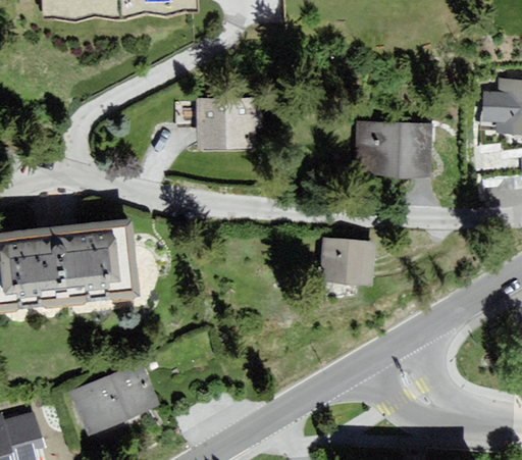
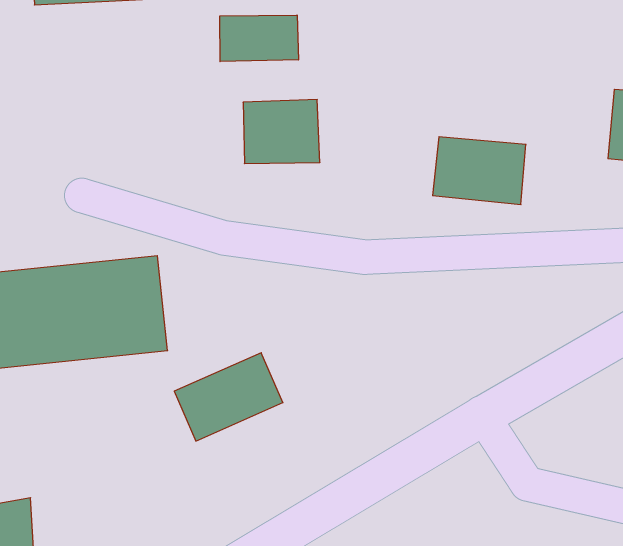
building: none -> [220,15,298,62]
building: [320,237,373,283] -> none
building: [71,361,158,431] -> [174,353,283,441]

